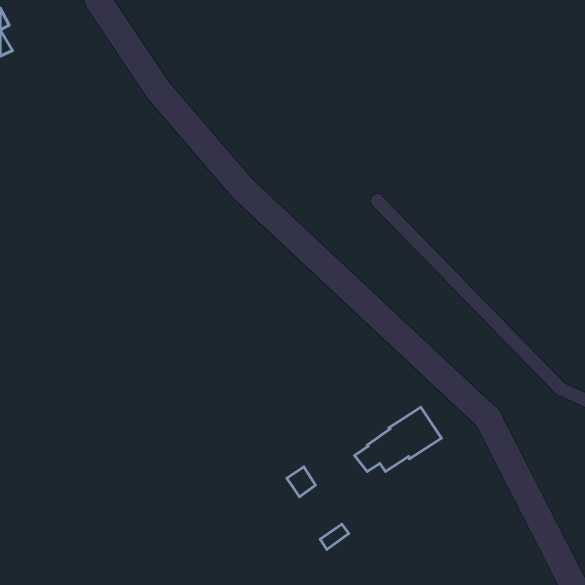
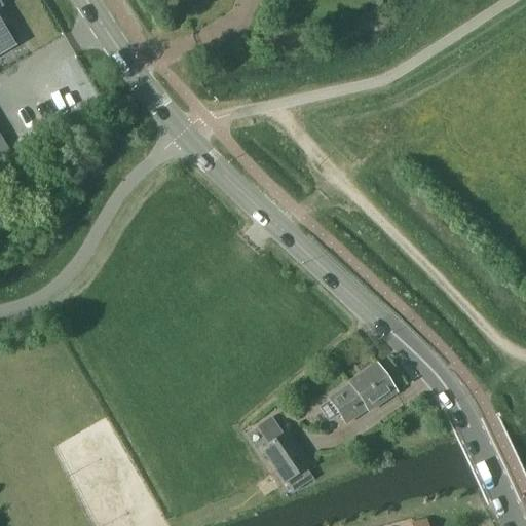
building: none -> [263,431,303,471]

